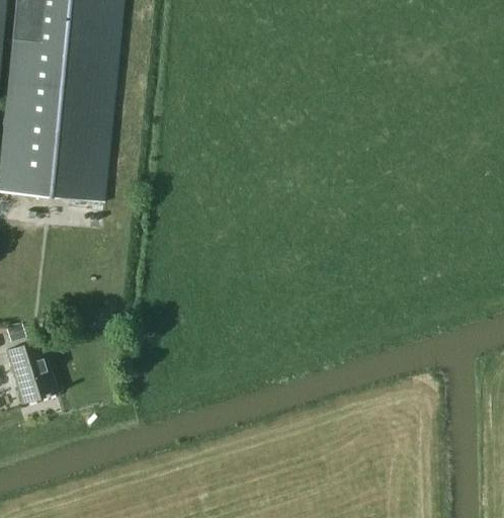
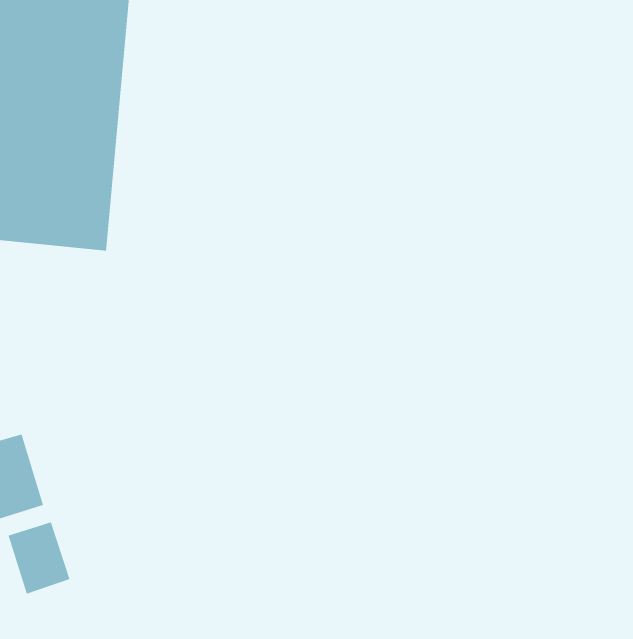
building: none -> [8,521,70,595]

